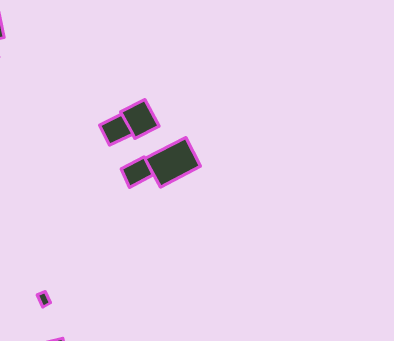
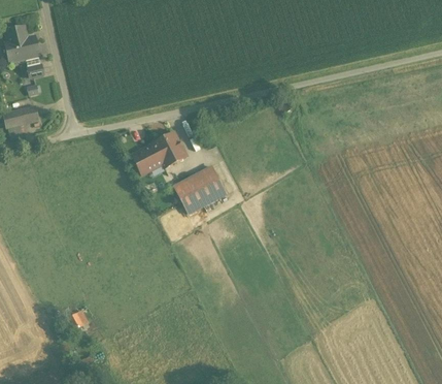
building: [121,157,153,188] -> none

